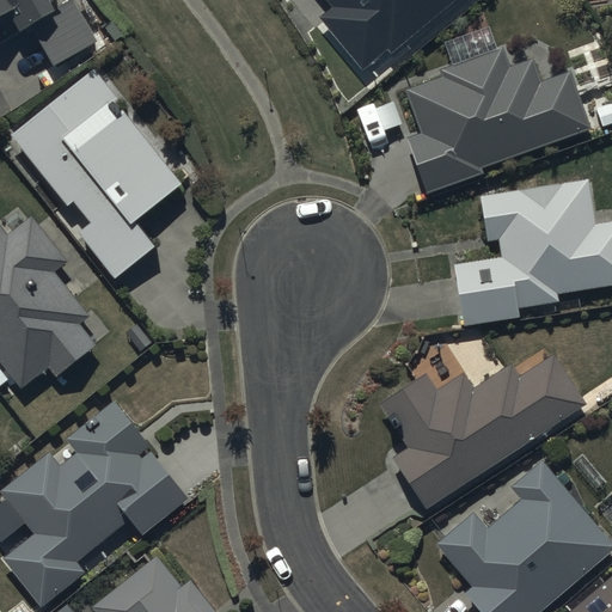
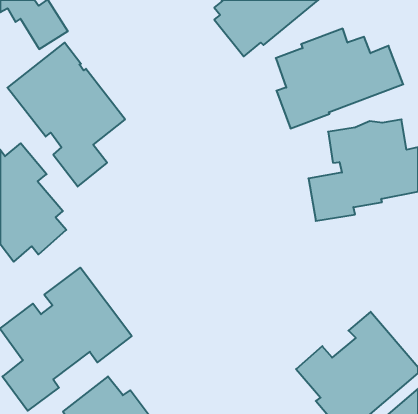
building: [378,354,586,510] -> none

